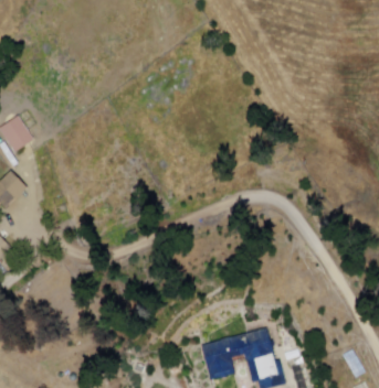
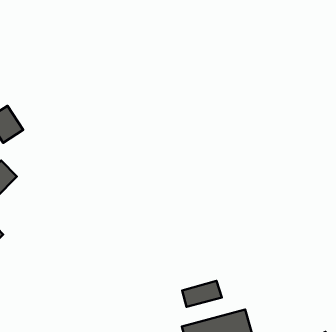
building: none -> [182,281,222,307]

